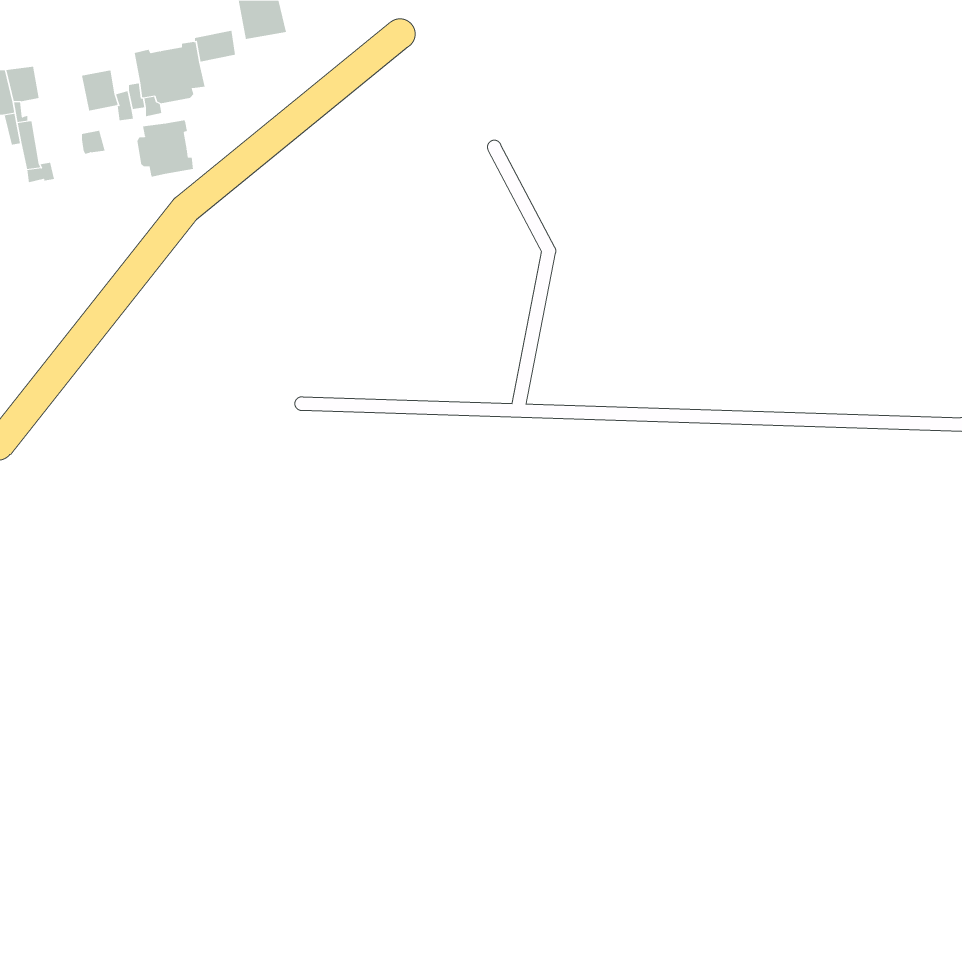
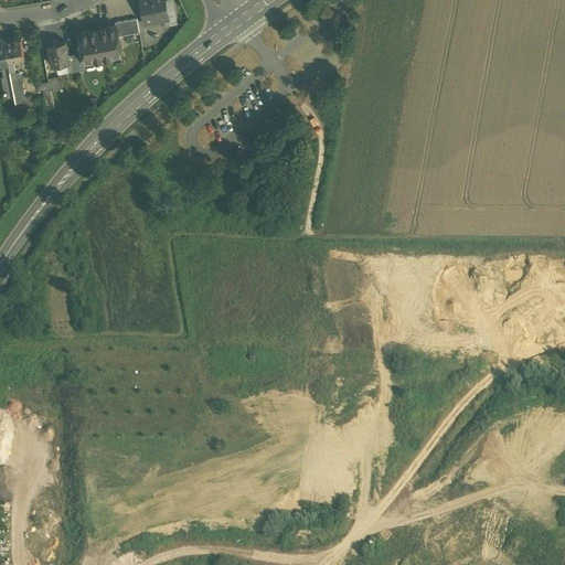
building: [137,120,193,177] -> none

